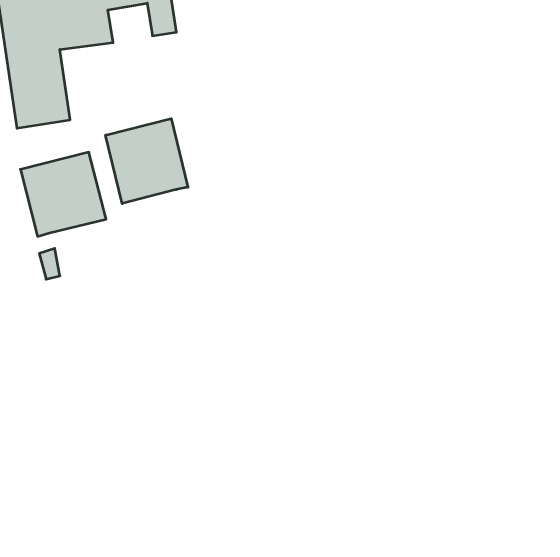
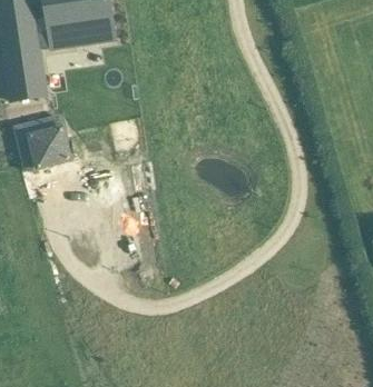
building: [106,119,188,204] -> none

